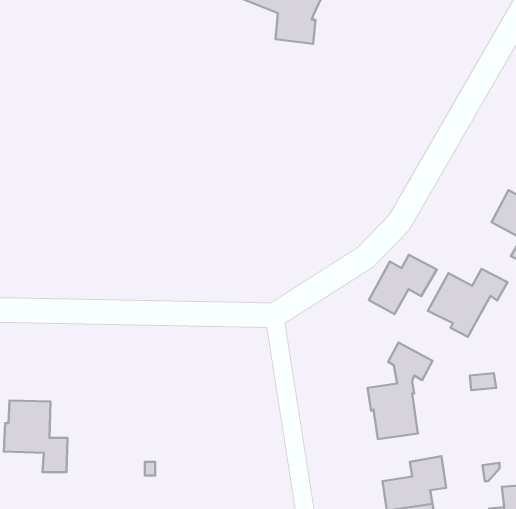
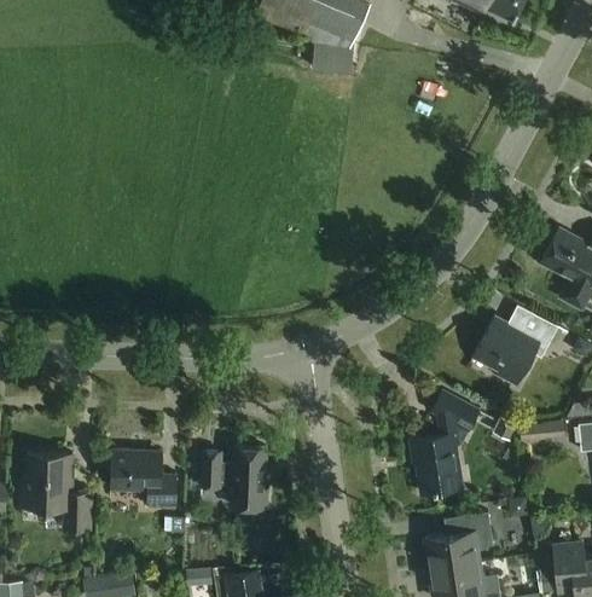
building: [369,255,437,314] -> none
building: none -> [202,446,268,508]
building: none -> [110,450,178,506]

